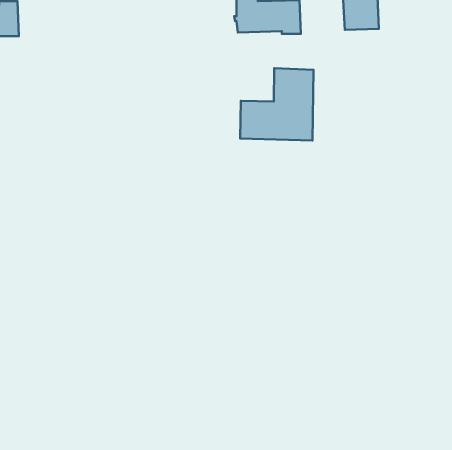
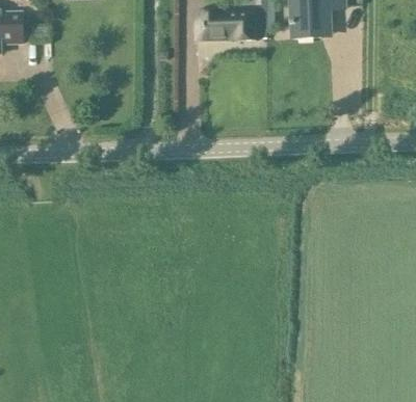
building: [240,68,314,141] -> none

